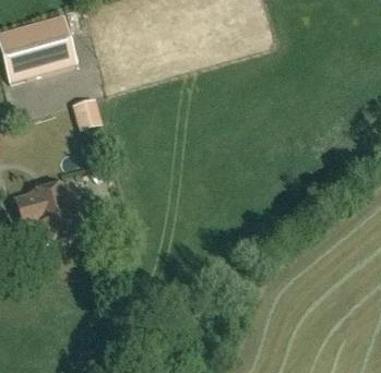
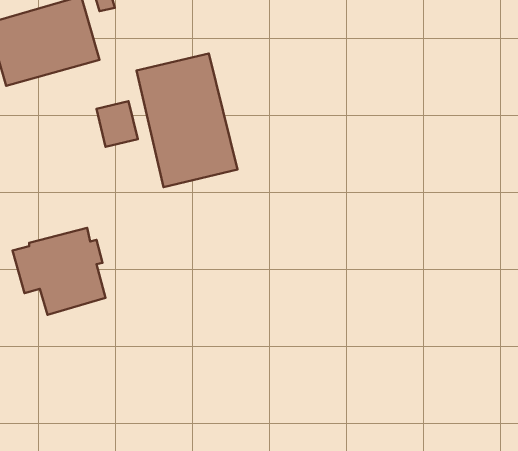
building: none -> [136,54,237,187]

